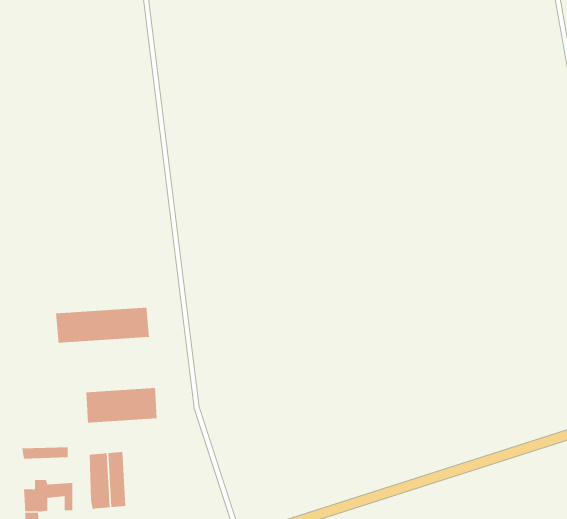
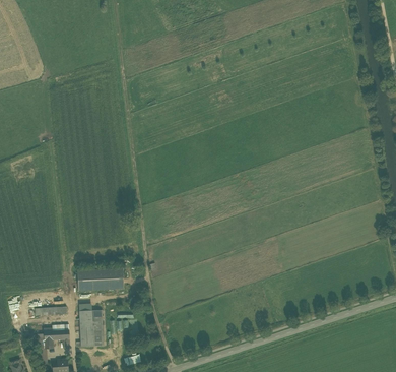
building: [56,307,149,343] -> none

